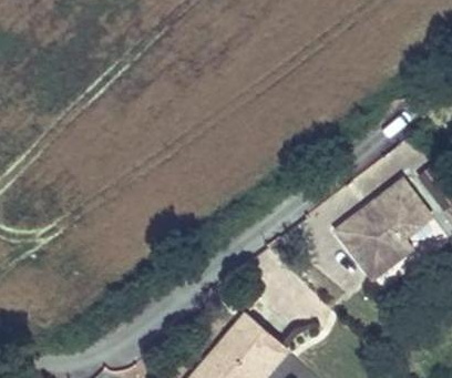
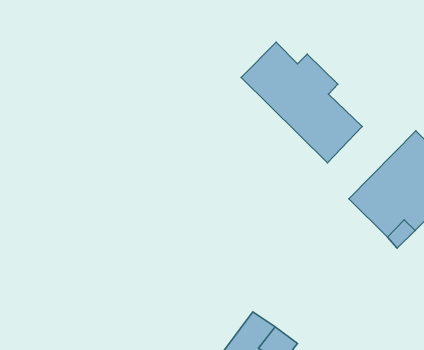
building: none -> [241,42,362,163]

